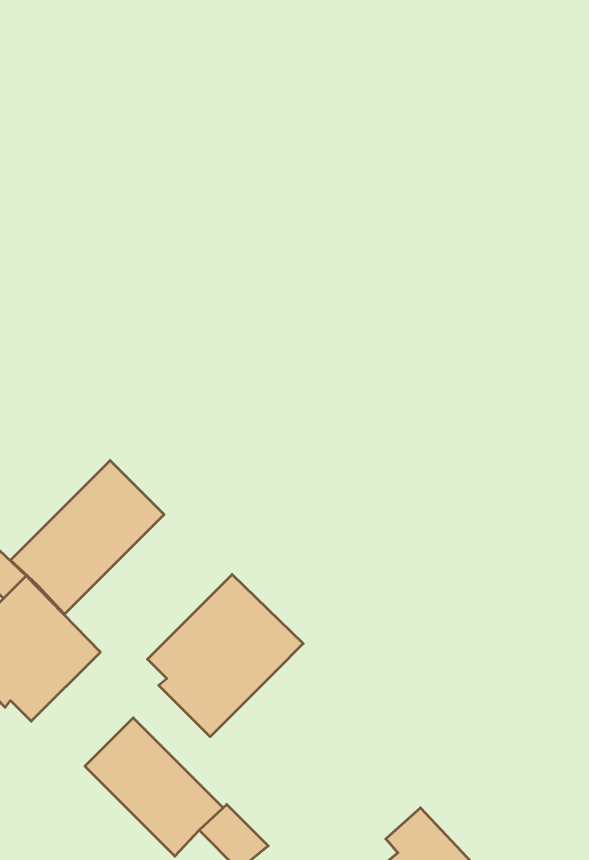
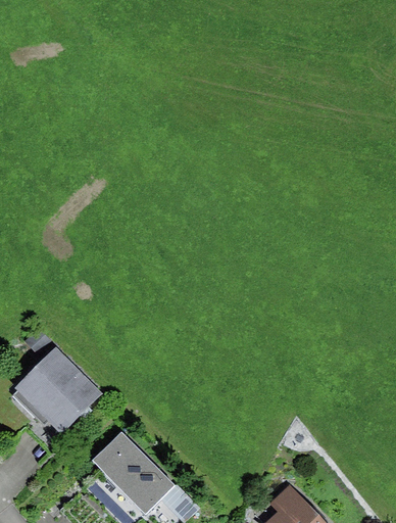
building: [10,460,164,614] -> none
building: [147,574,303,737] -> none

